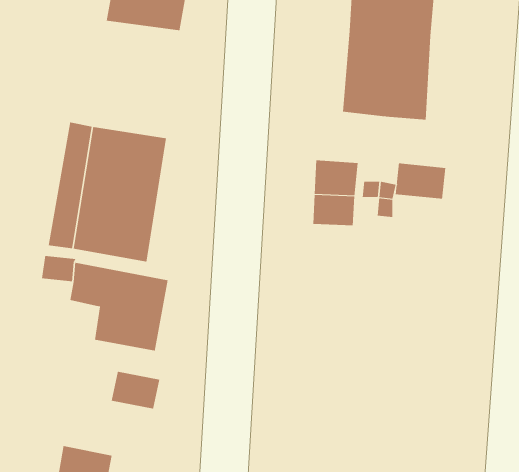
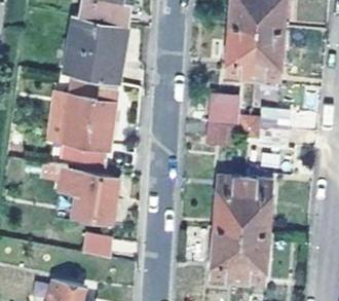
building: none -> [65,16,125,84]
building: none -> [212,178,271,281]

